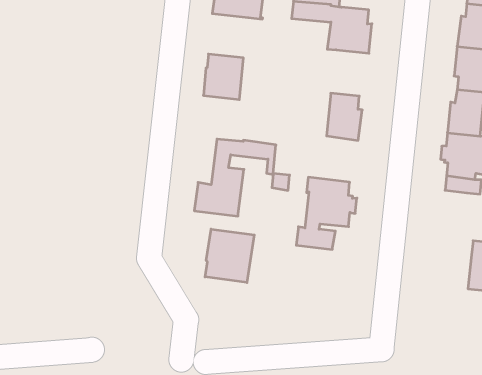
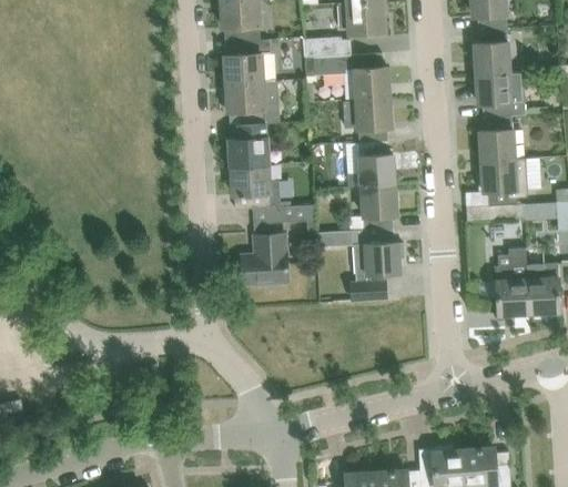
building: none -> [225,81,278,125]
building: none -> [355,97,389,143]
building: none -> [231,165,278,210]
building: none -> [348,185,395,231]
building: none -> [495,248,528,315]
building: [205,229,254,283] -> none

